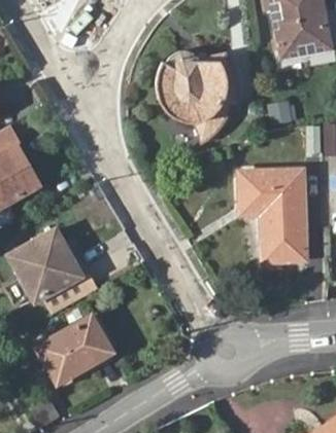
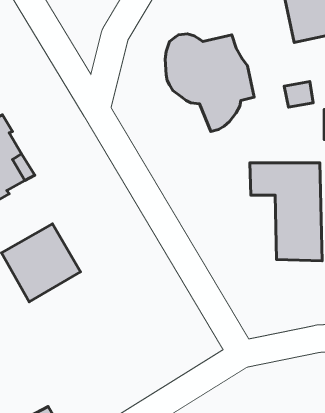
building: [36,316,112,383] -> none

